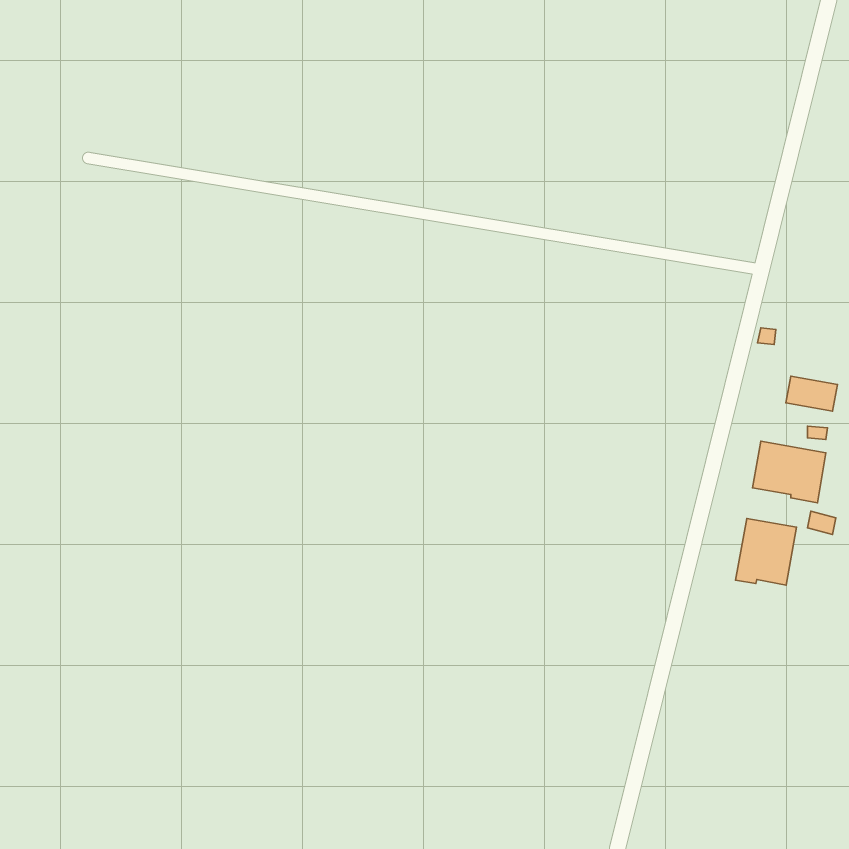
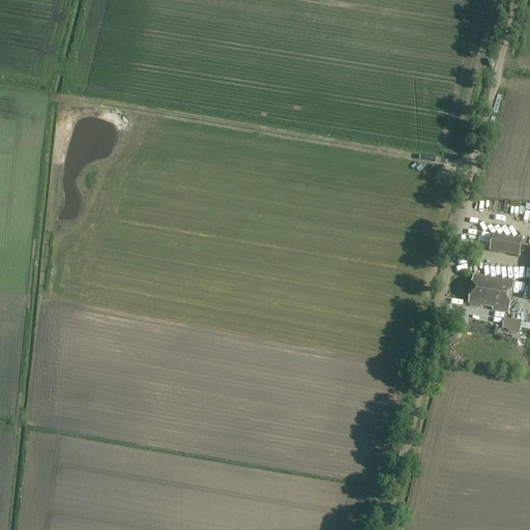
building: [735,518,796,585] -> none

